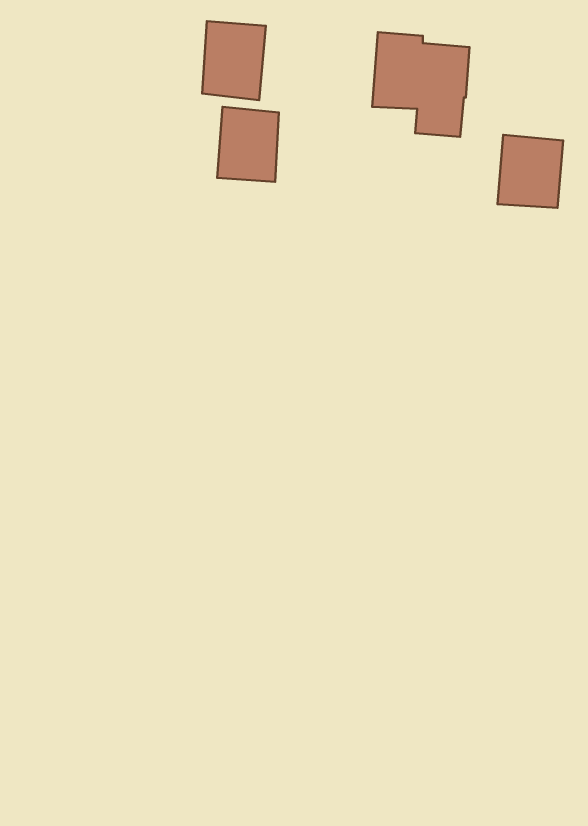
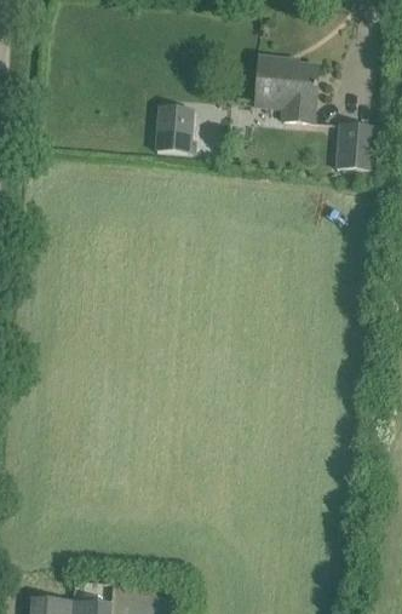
building: [202,21,266,100] -> none

